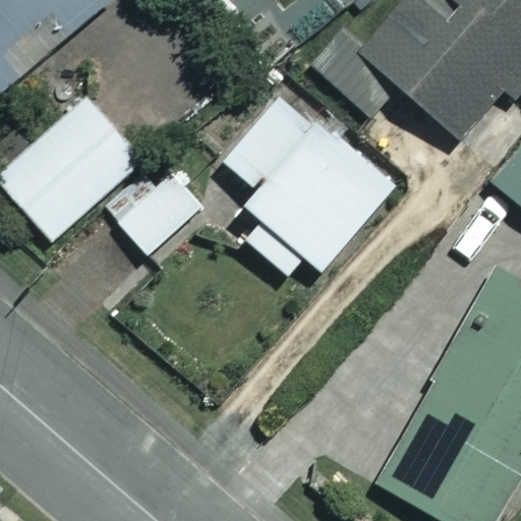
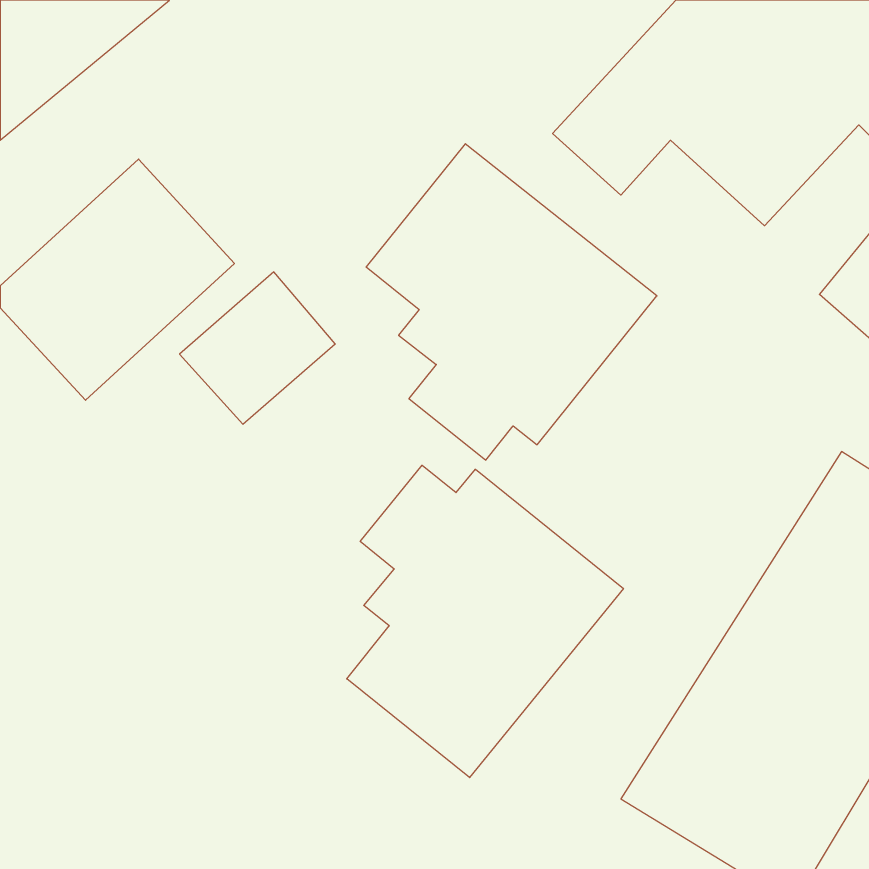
building: none -> [347,465,623,778]

